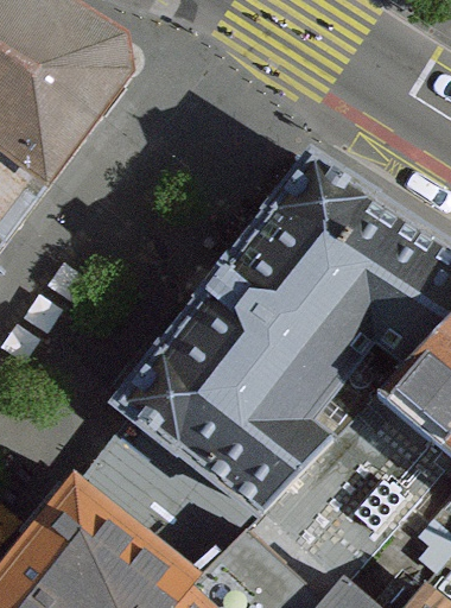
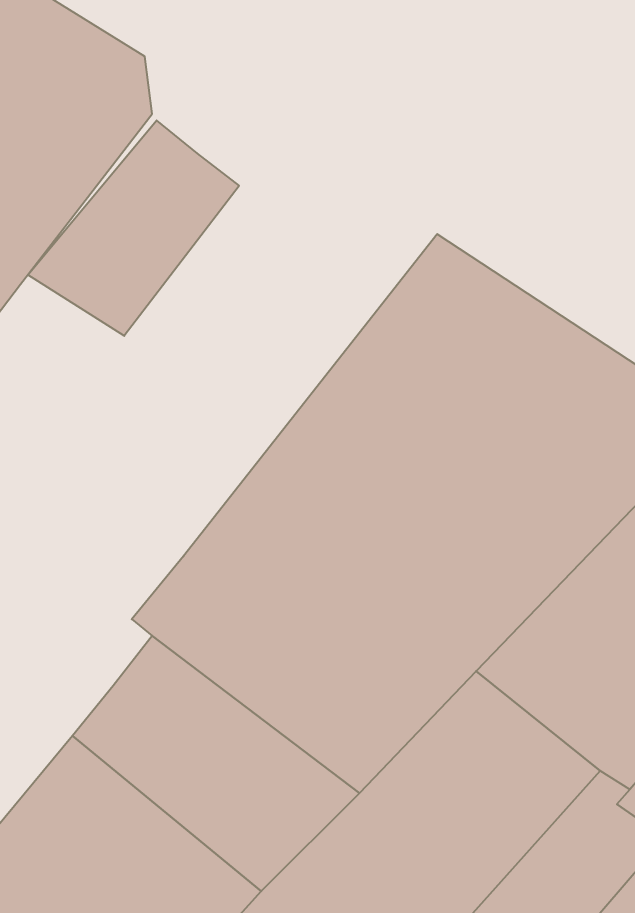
building: none -> [28,120,239,336]

